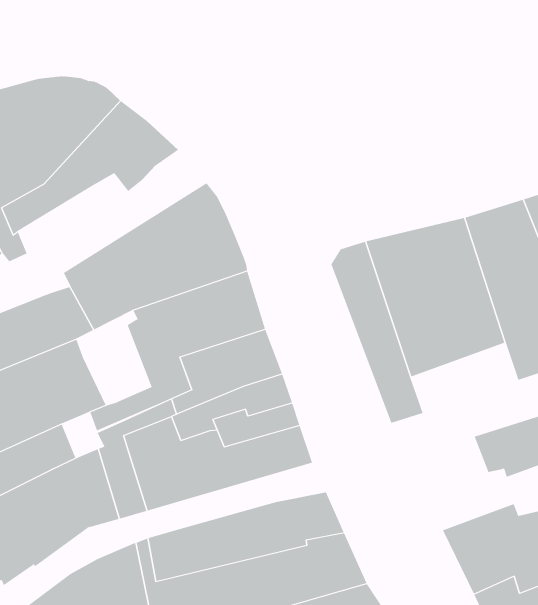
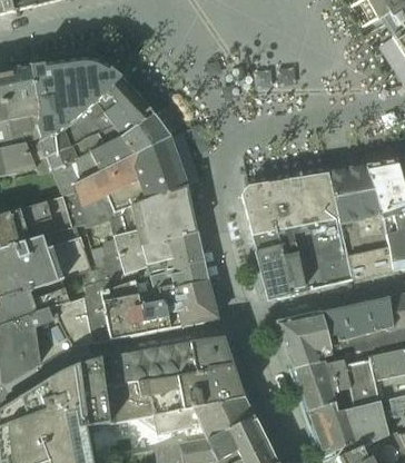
building: none -> [47,114,168,196]
building: none -> [284,255,350,294]
building: none -> [277,312,332,368]

